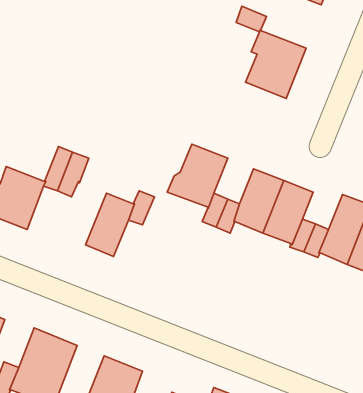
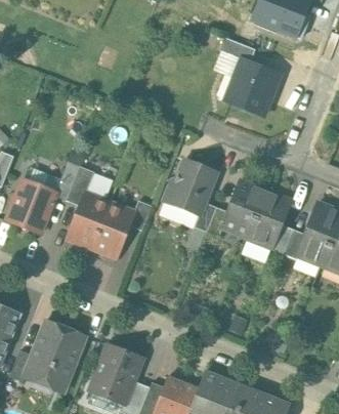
building: none -> [67,192,110,247]

